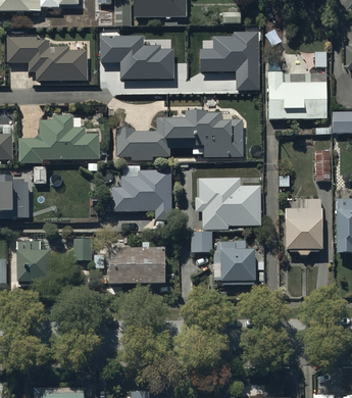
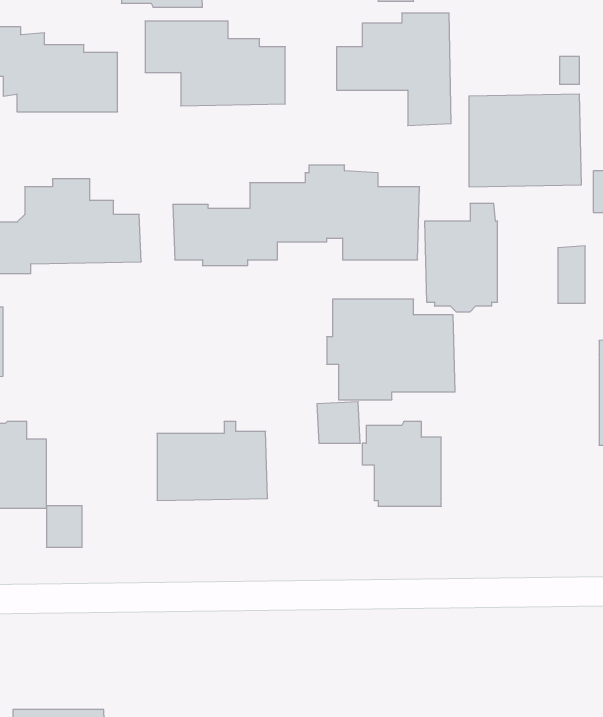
building: [111,165,171,220] -> none
building: [284,199,321,255] -> [425,203,498,312]
building: [73,239,92,260] -> [46,506,82,547]

